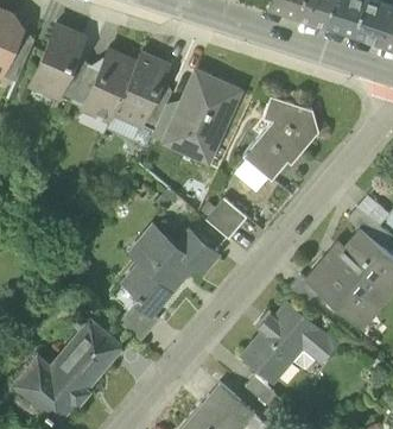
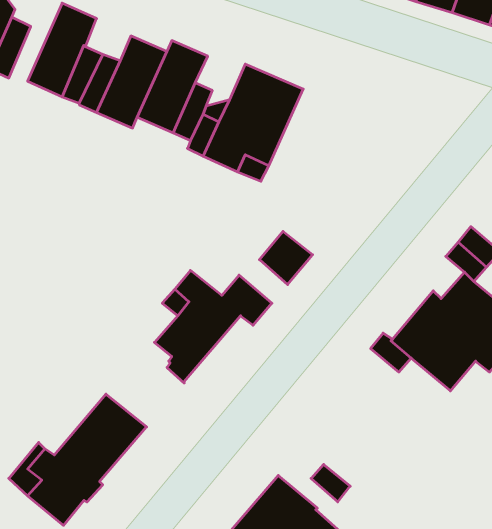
building: [242,96,317,179] -> none
building: [119,302,158,341] -> none
building: [242,303,335,380] -> none

